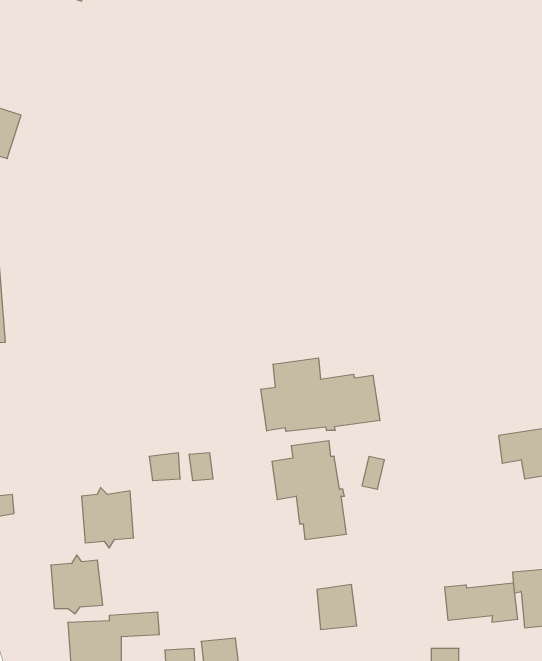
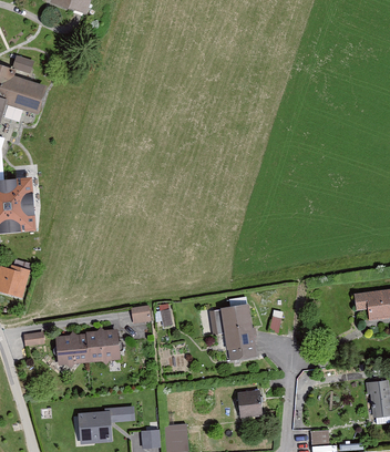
building: [261,358,380,432] -> none
building: [51,555,103,614] -> [55,330,89,368]
building: [445,583,517,622] -> none

